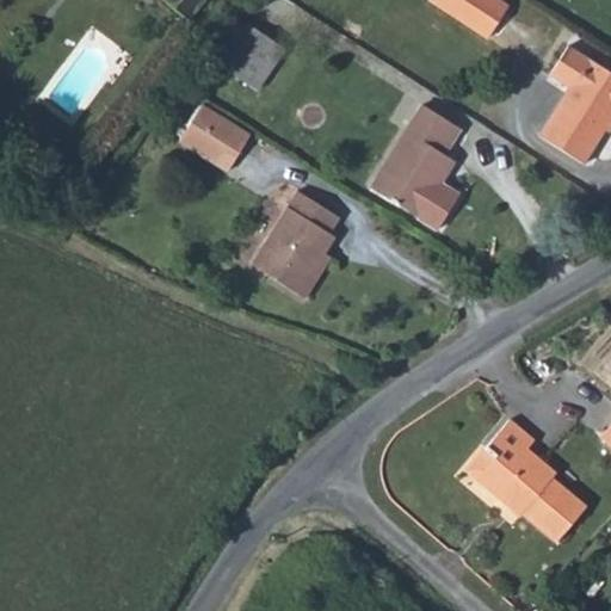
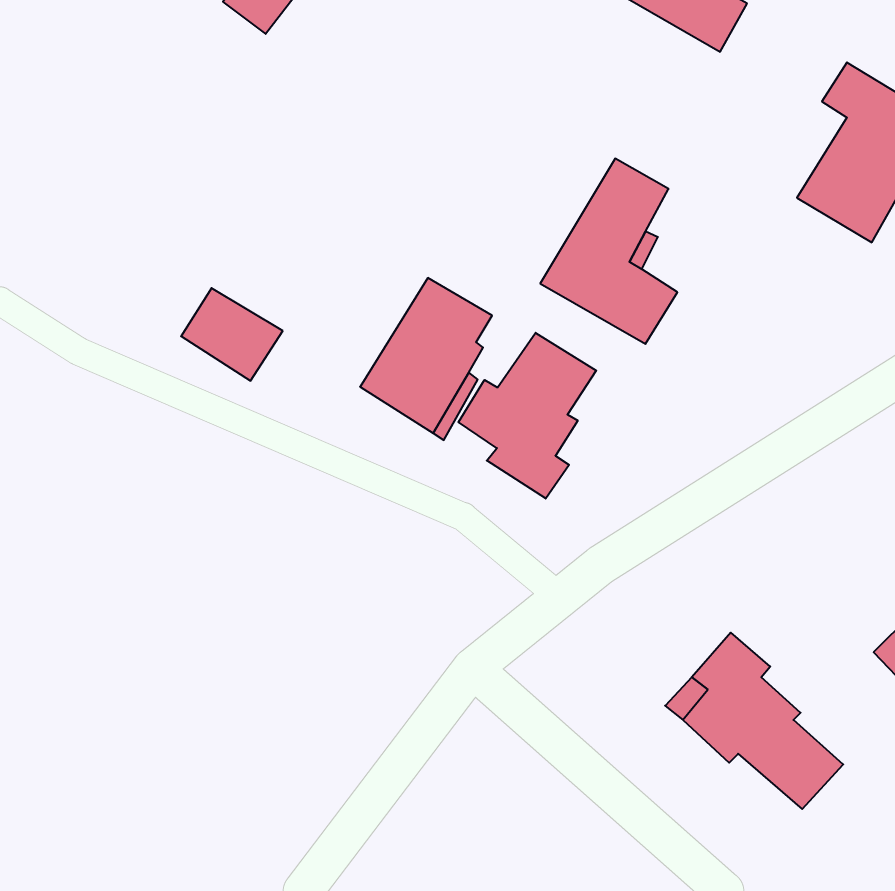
building: [233,36,279,88] -> none
building: [185,105,253,167] -> [181,288,283,381]
building: none -> [458,333,596,499]

